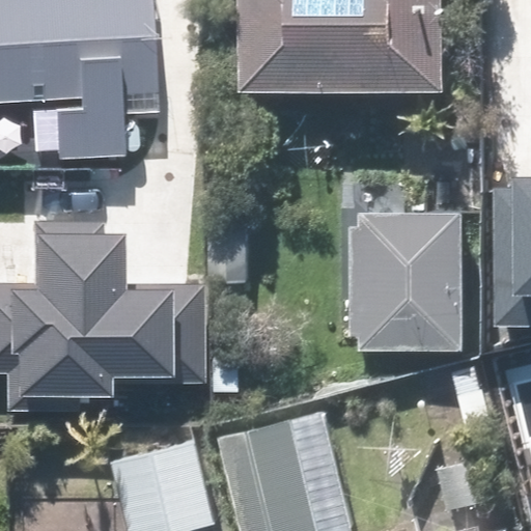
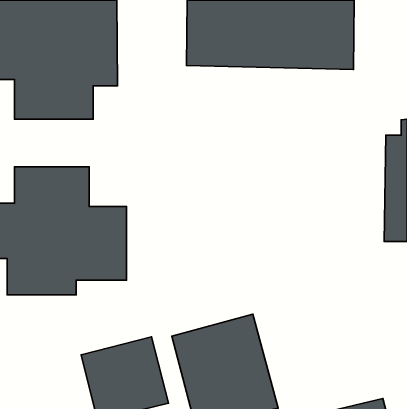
building: [350,213,471,351] -> none

